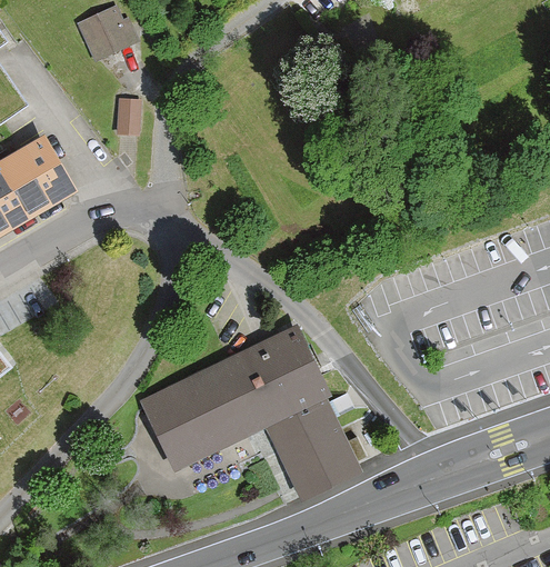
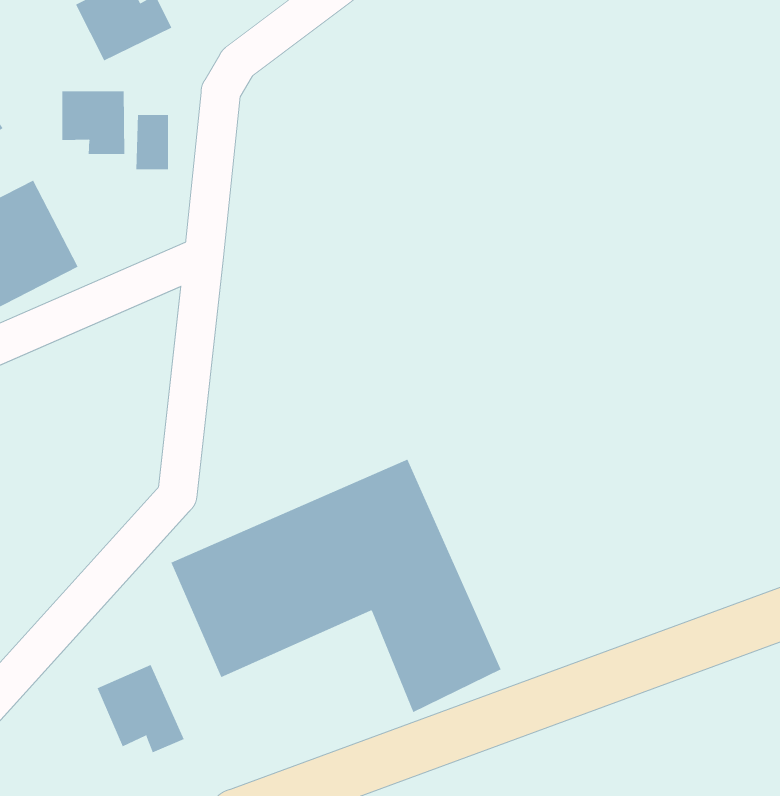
building: none -> [62,90,125,155]
building: none -> [97,664,185,753]

